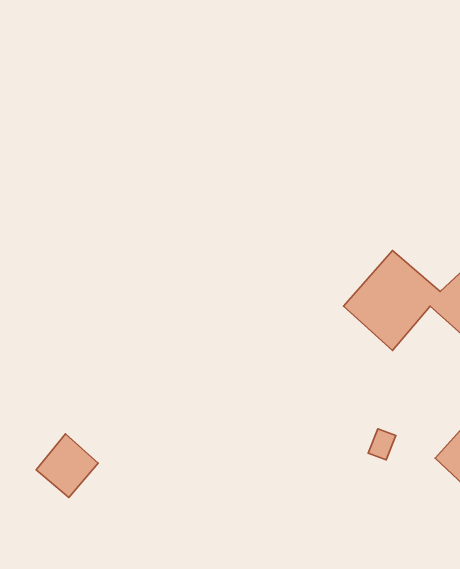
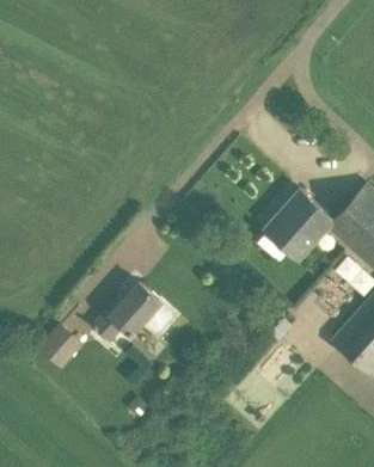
building: none -> [91,281,172,339]

